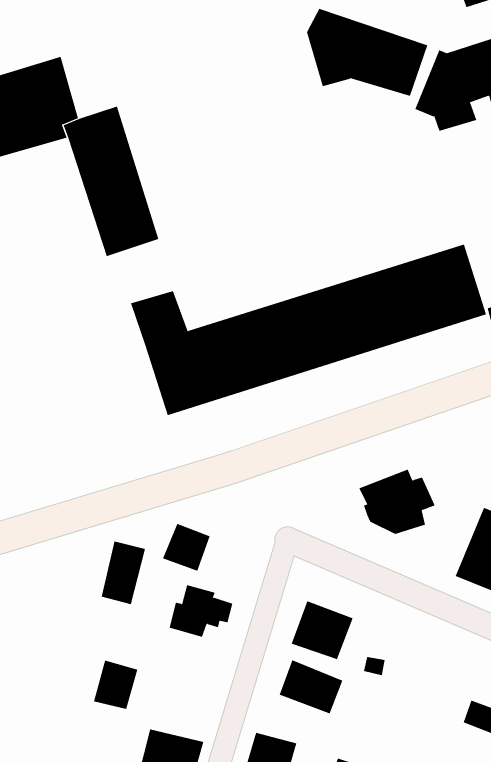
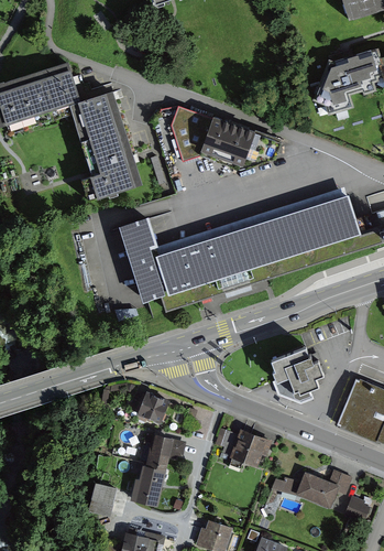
building: [306,8,428,96] -> [173,105,256,165]
building: [101,541,146,605] -> [135,456,166,500]
building: [279,659,343,714] -> [294,476,338,514]

